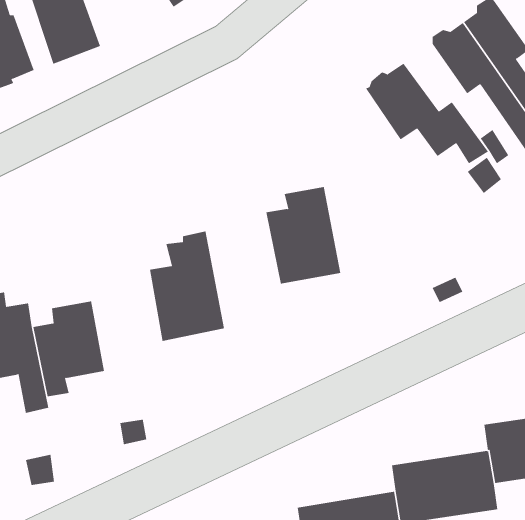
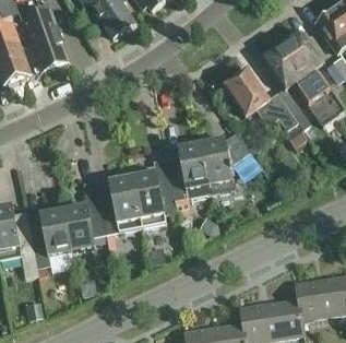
building: none -> [201,132,251,194]
building: none -> [131,158,175,227]
building: none -> [63,192,105,252]

